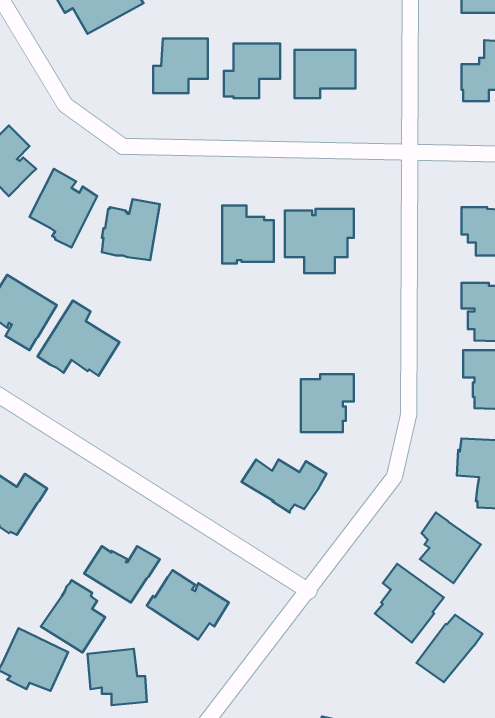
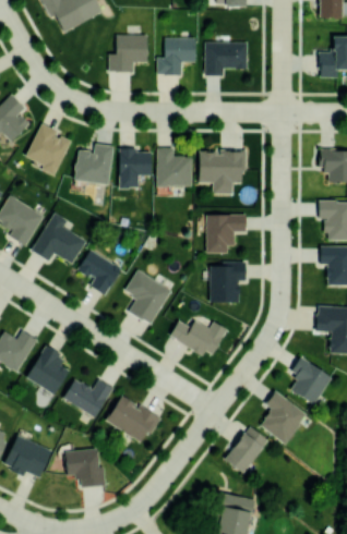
building: none -> [119,148,151,190]
building: none -> [206,215,246,253]
building: none -> [76,250,121,295]
building: none -> [124,270,171,324]
building: [41,580,105,652] -> [25,345,69,395]
building: [417,615,482,682] -> [224,427,268,473]

